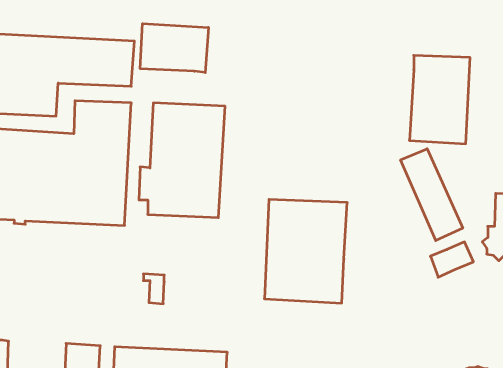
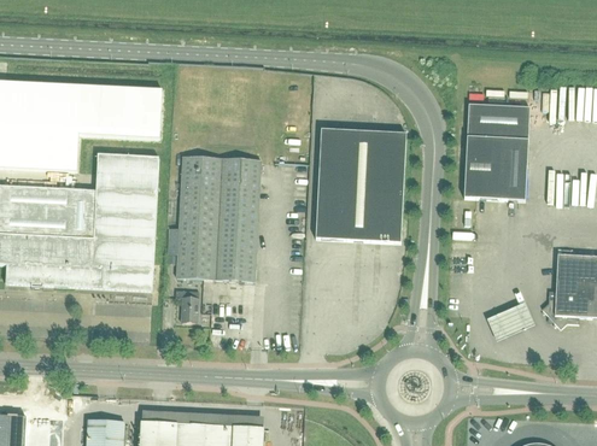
building: [140,24,208,73] -> none
building: [401,149,463,241] -> none
building: [264,199,347,303] -> [315,128,405,241]
building: [143,274,164,304] -> [175,288,198,321]

